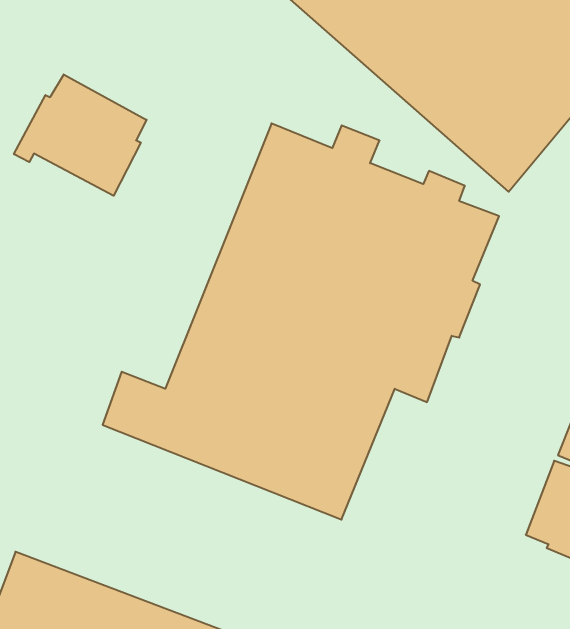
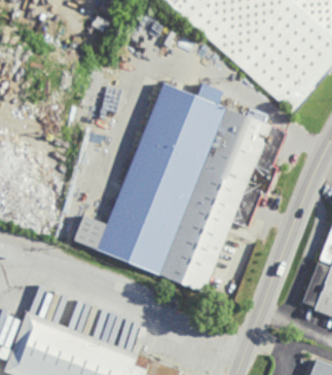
building: [14,74,147,196] -> none

